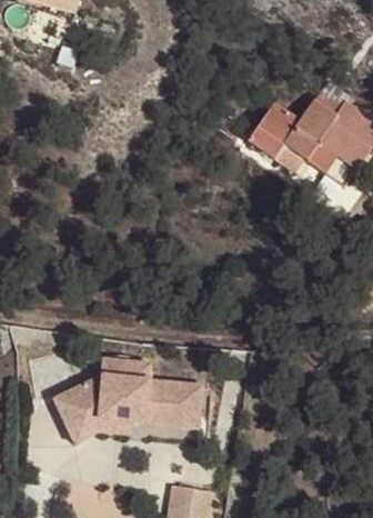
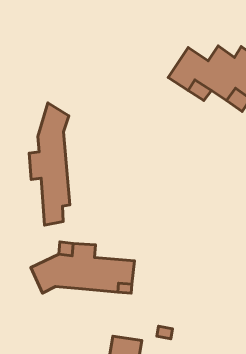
building: none -> [29,103,70,225]
building: [52,394,132,445] -> none

